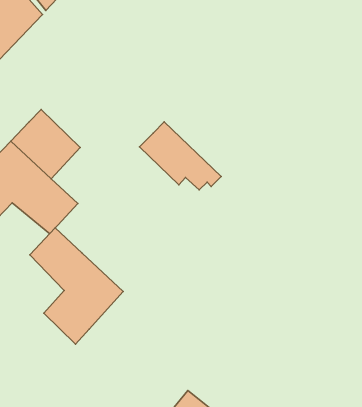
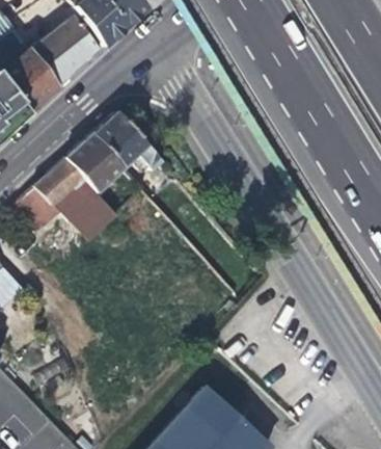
building: [140,122,221,190] -> [91,112,161,174]
building: [30,228,123,344] -> none

